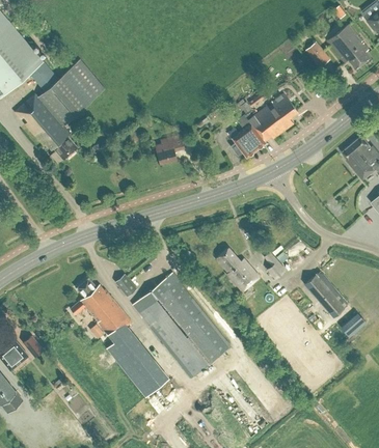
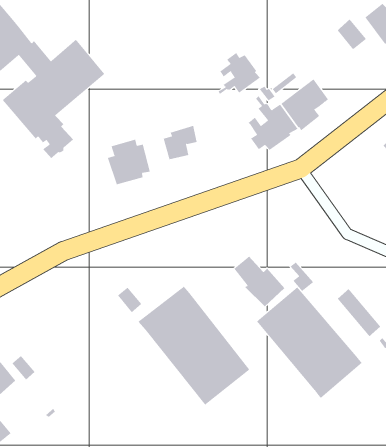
building: none -> [218,52,261,95]
building: none -> [107,139,151,185]
building: none -> [256,287,362,399]
building: [71,278,168,396] -> none

